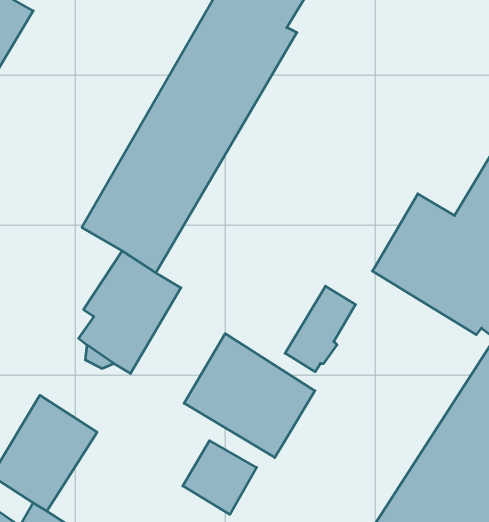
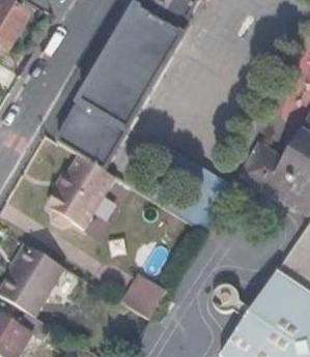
building: [184,334,315,458] -> none

